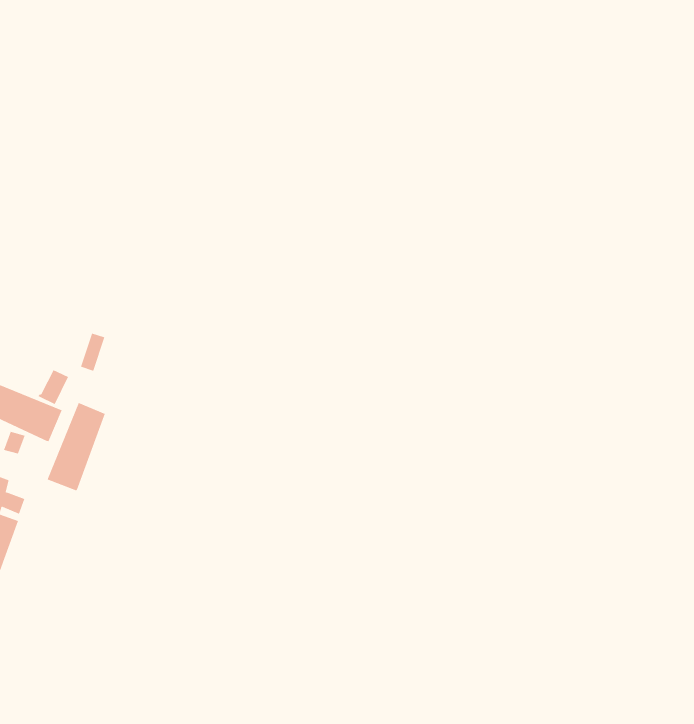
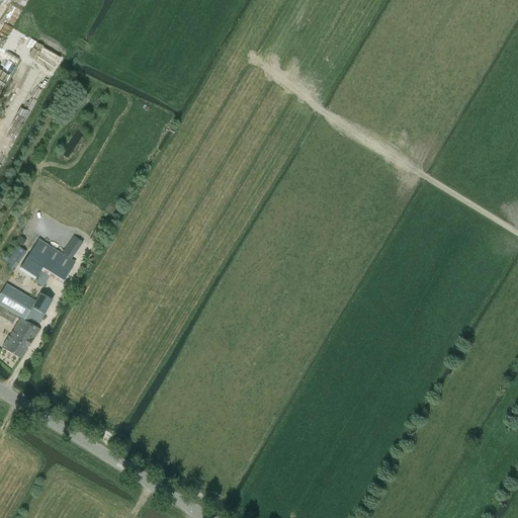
building: [47,402,106,491] -> none

